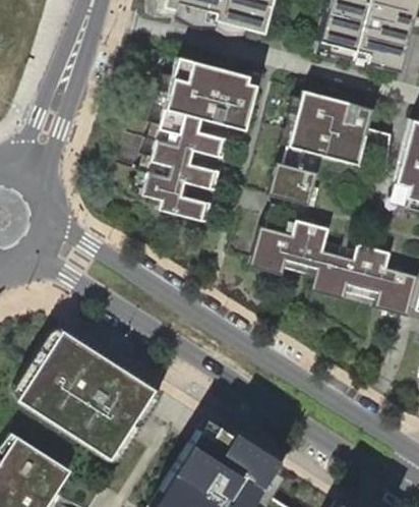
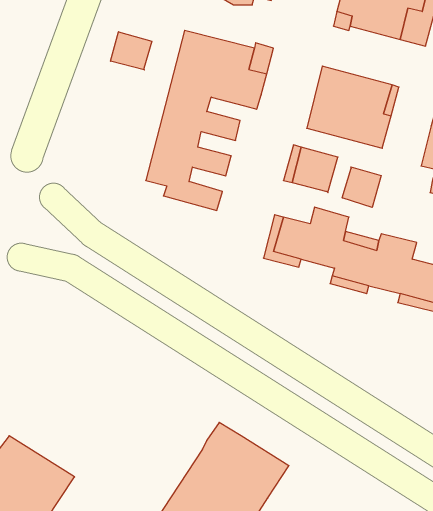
building: none -> [111,32,152,70]
building: none -> [342,167,381,207]
building: [18,328,162,457] -> none

